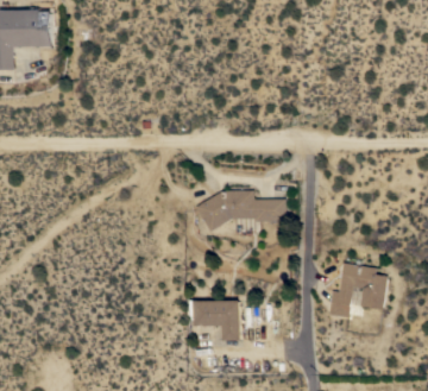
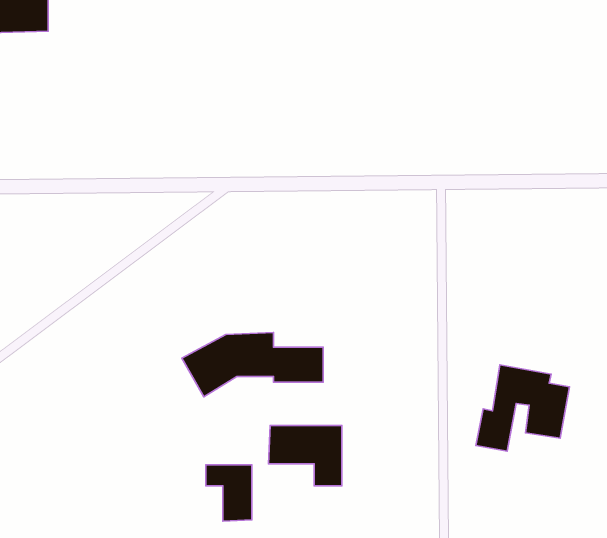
building: [194,190,285,232] -> [182,333,323,397]
building: none -> [206,465,252,521]

